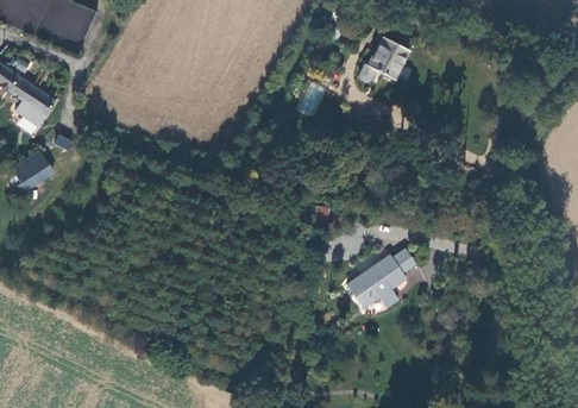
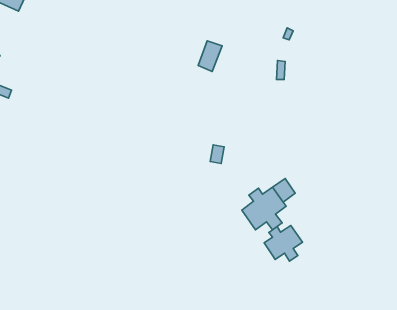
building: [369,38,408,80] -> none
building: none -> [264,226,302,261]

